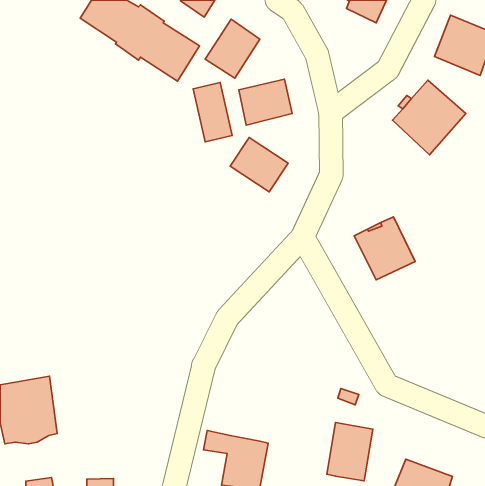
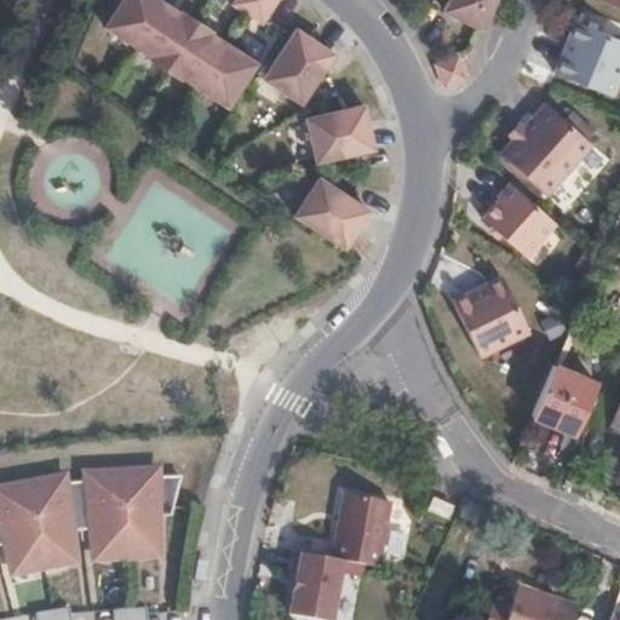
building: [193,83,232,142] -> none
building: none -> [482,182,556,257]
building: none -> [533,366,597,435]
building: none -> [85,473,159,555]
building: [327,423,373,481] -> [333,496,391,570]

